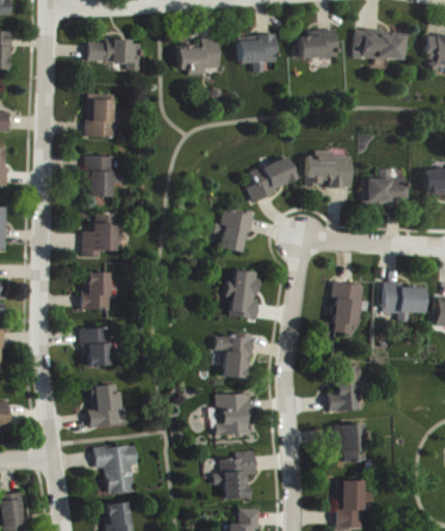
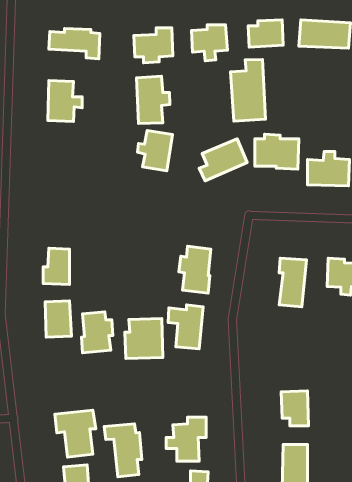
building: none -> [231,59,265,121]
building: none -> [136,76,170,123]
building: [87,156,113,196] -> none
building: [214,209,251,252] -> [138,131,173,171]
building: [82,212,121,256] -> none
building: [327,366,364,411] -> none
building: [88,384,121,427] -> [82,312,113,353]
building: [211,393,251,436] -> [125,319,163,359]
building: none -> [104,424,142,477]

